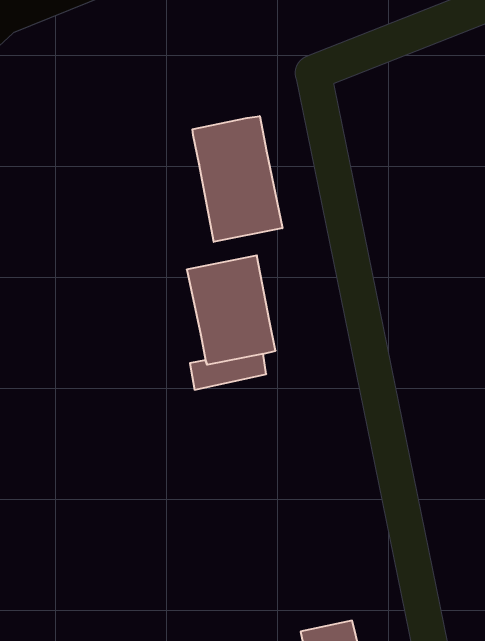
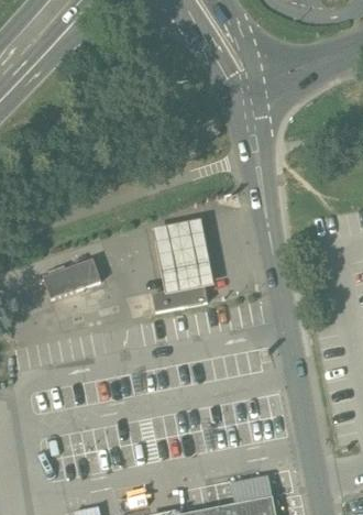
building: [192,116,282,242] -> none
building: none -> [43,261,101,300]

